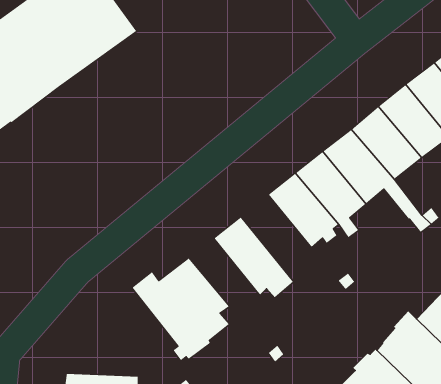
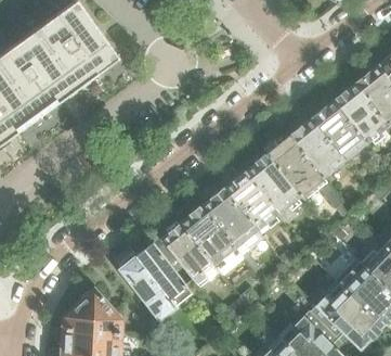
building: none -> [201,189,264,272]
building: none -> [160,224,220,288]
building: none -> [63,290,120,333]

